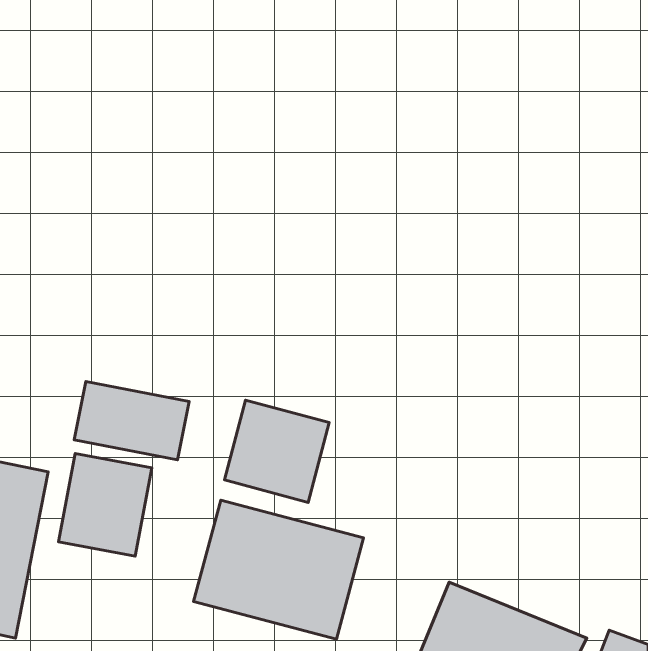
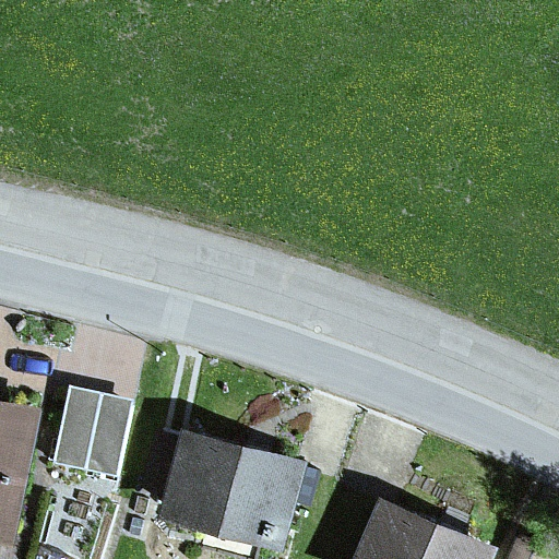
building: [74,382,189,460] -> none
building: [224,400,329,502] -> none

